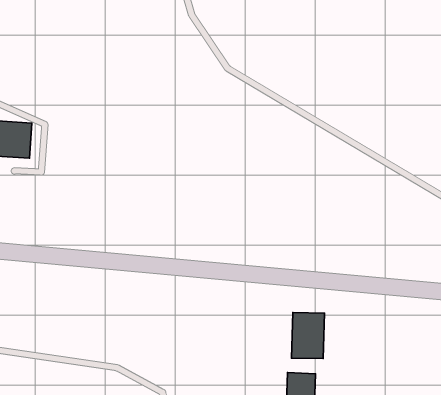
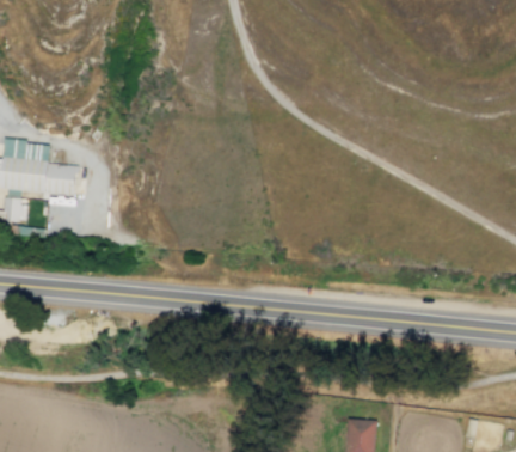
building: [291,313,325,359] -> none

